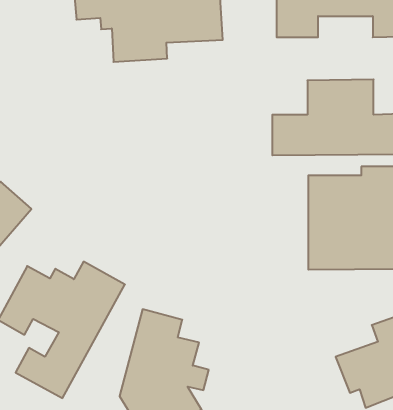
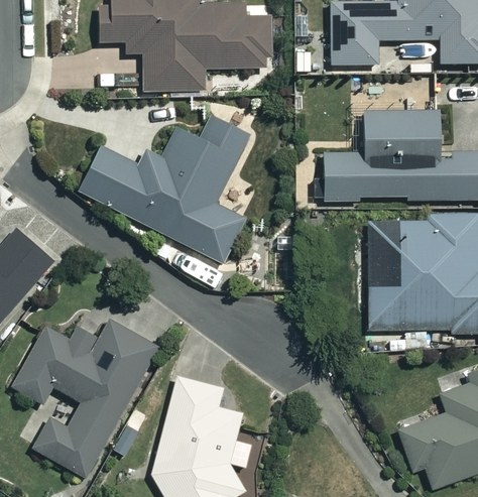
building: none -> [82,117,249,262]

